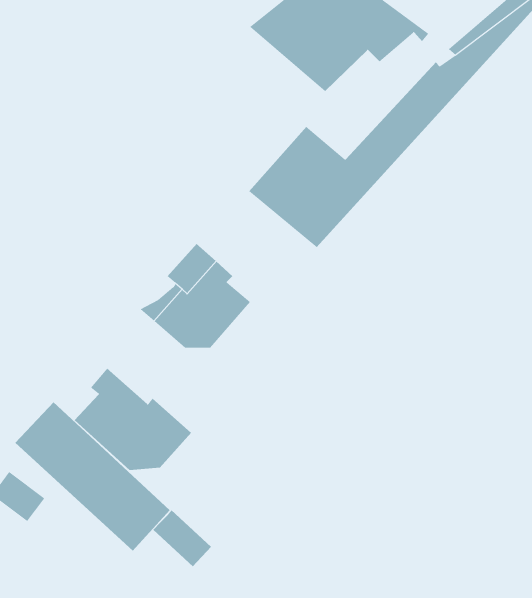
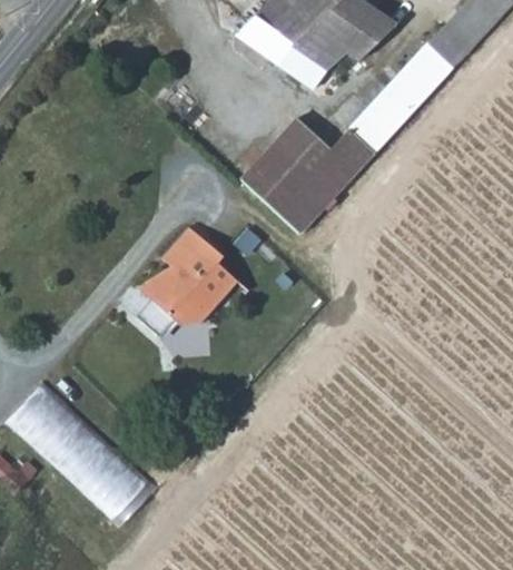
building: [74,368,192,471] -> none
building: [152,509,212,567] -> none

